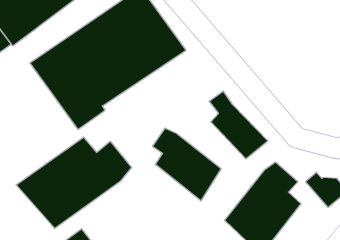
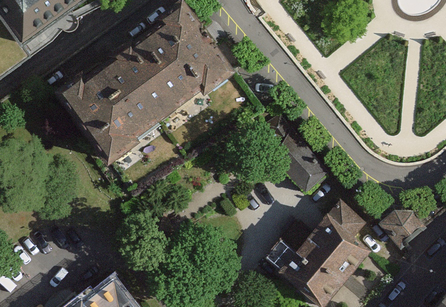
building: [152,128,221,201] -> none
building: [16,137,132,229] -> none

